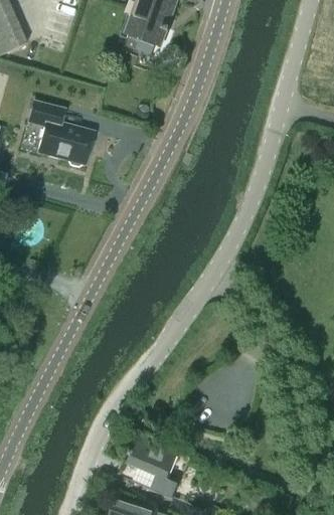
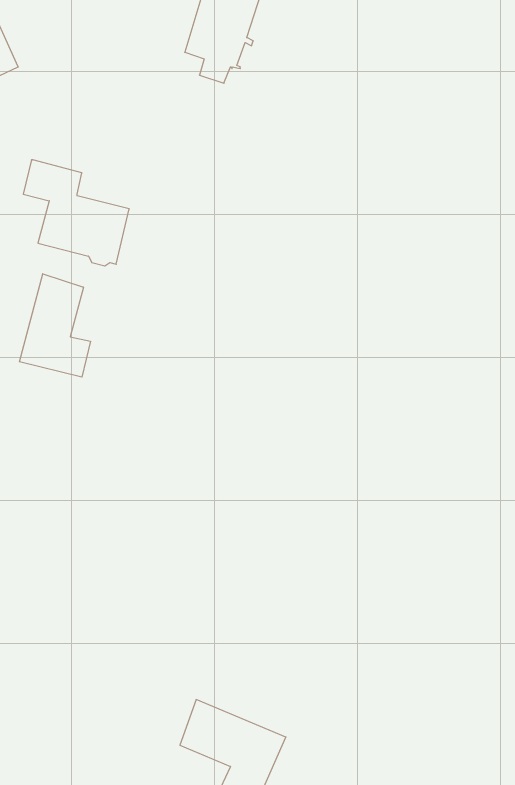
building: none -> [19,274,90,377]

